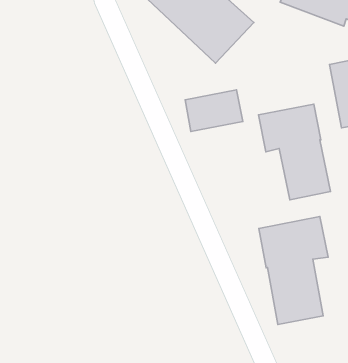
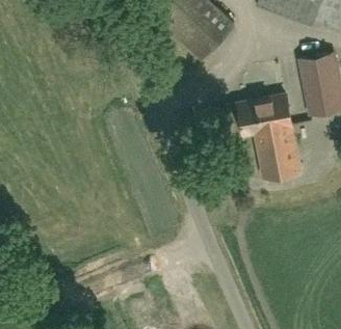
building: [185,90,243,132] -> none
building: [259,216,328,324] -> none

